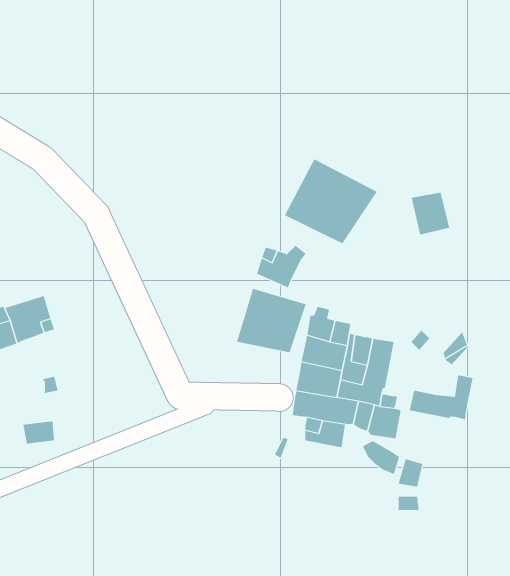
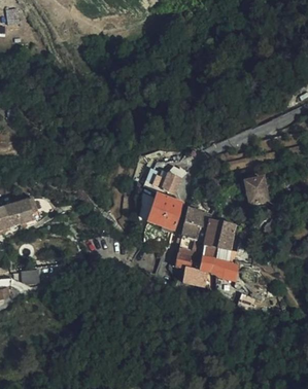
building: [284,158,377,244] -> none
building: [411,192,450,235] -> [245,178,268,203]
building: [409,375,473,420] -> none

